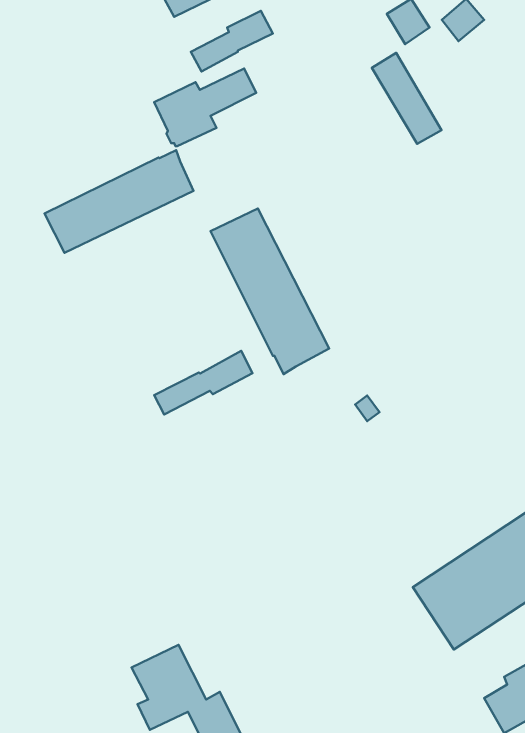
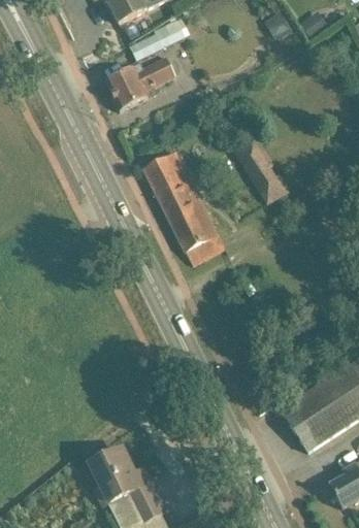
building: [372,53,442,144] -> [236,140,284,202]
building: [44,150,193,253] -> none
building: [154,351,253,414] -> none

